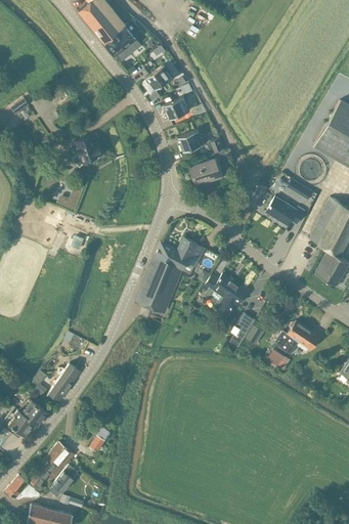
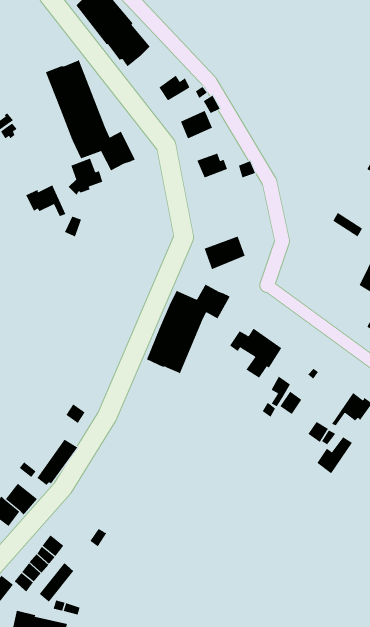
building: none -> [45,59,136,171]
building: none -> [26,185,66,217]
building: [189,159,223,186] -> [204,236,246,270]
building: [266,198,305,226] -> none
building: [274,321,304,352] -> [316,437,353,474]

